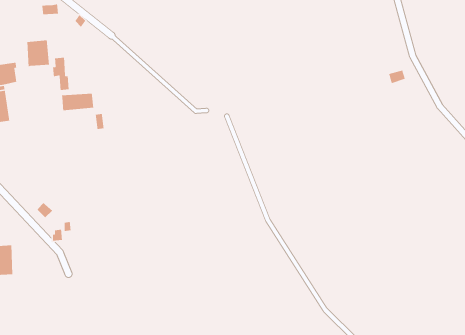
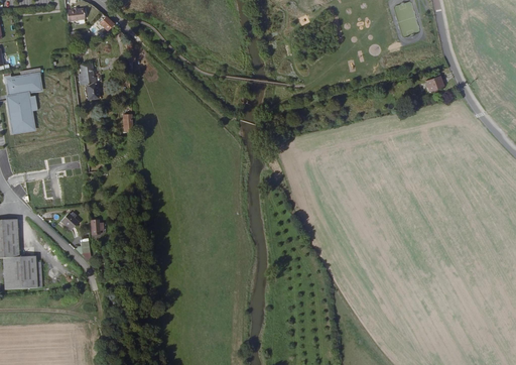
building: [26,39,50,67] -> none
building: [61,93,94,111] -> none

